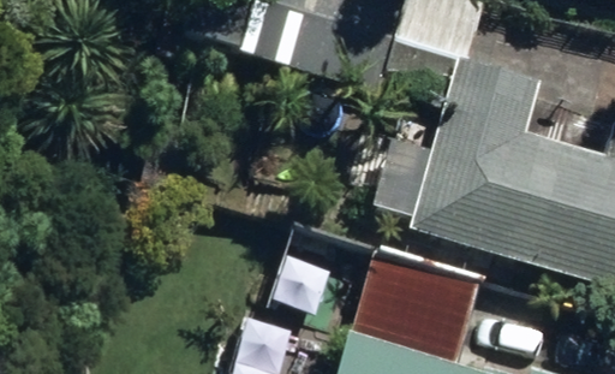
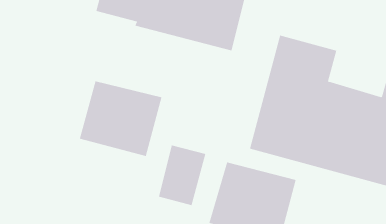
building: none -> [79,80,162,157]

